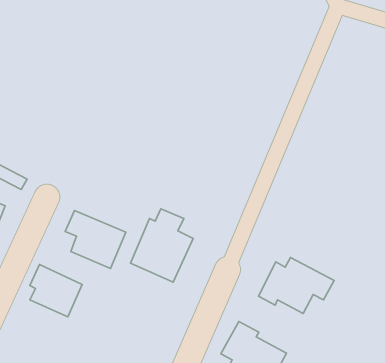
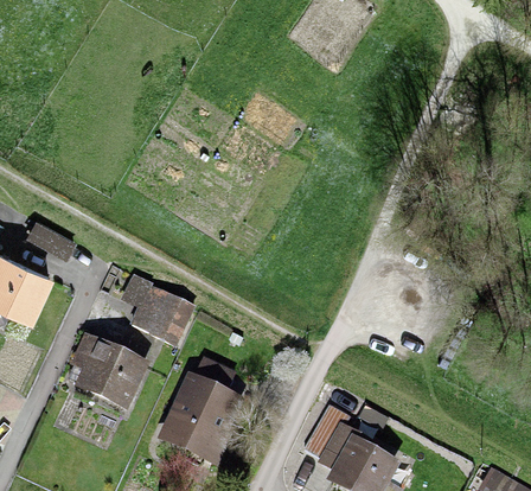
building: [130,209,193,282] -> [167,366,245,458]
building: [258,258,334,313] -> none

